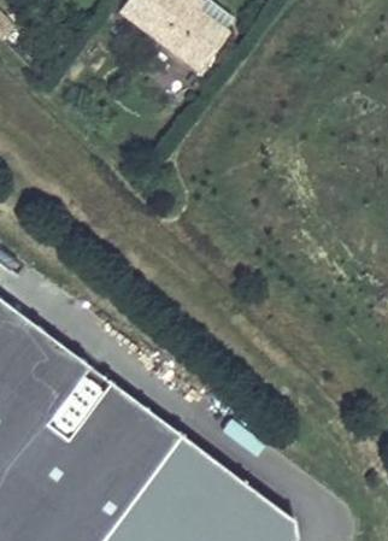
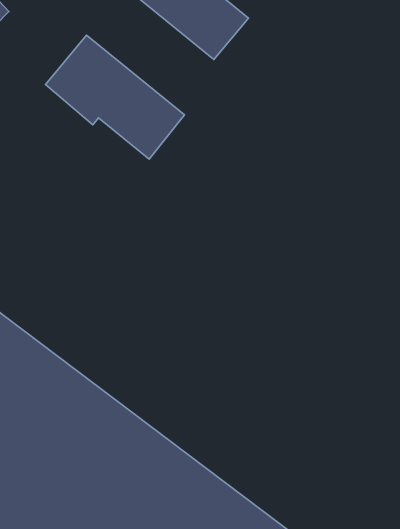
building: none -> [45,35,184,159]

